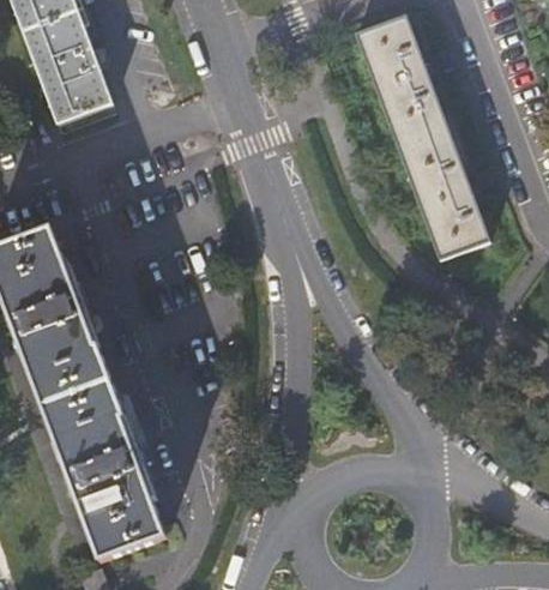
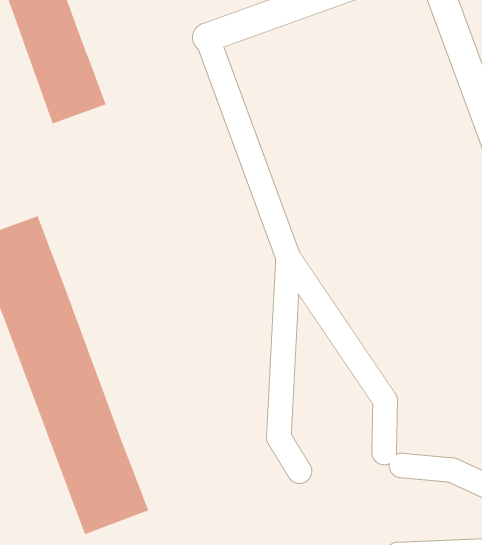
building: [361,12,496,258] -> none

